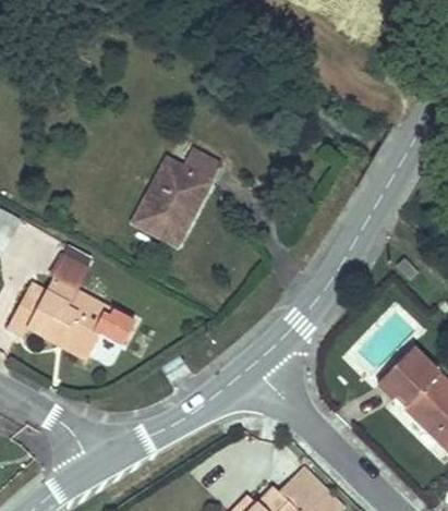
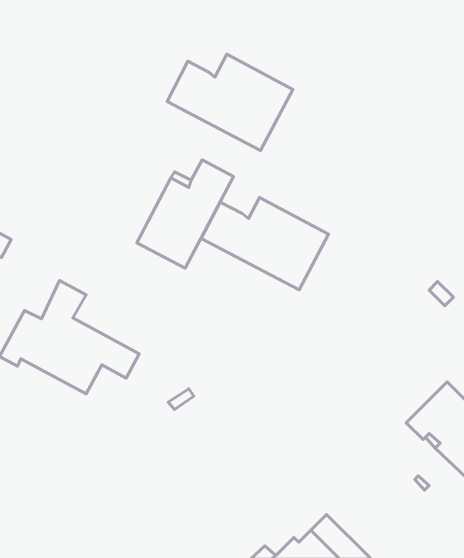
building: none -> [167,54,293,151]
building: none -> [201,197,328,290]

